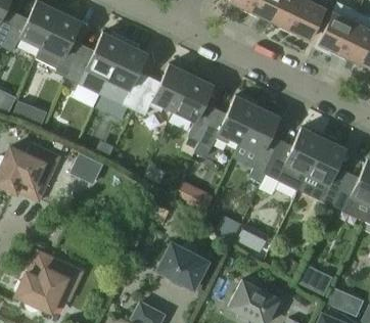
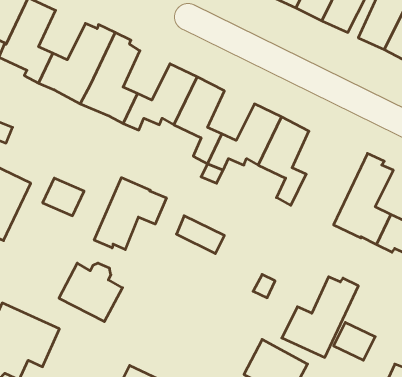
building: [265,127,325,190] -> [282,277,358,357]
building: none -> [94,178,166,250]
building: [157,242,207,288] -> [59,263,123,322]

